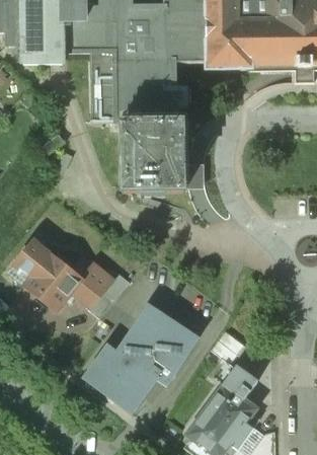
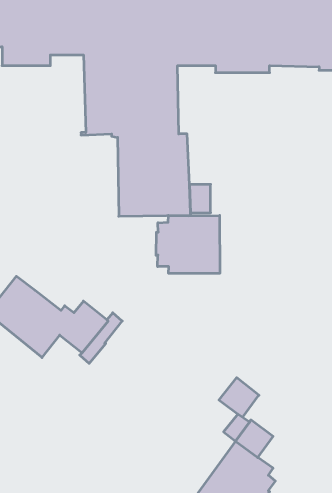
building: none -> [156,215,220,273]
building: [83,303,200,413] -> none

